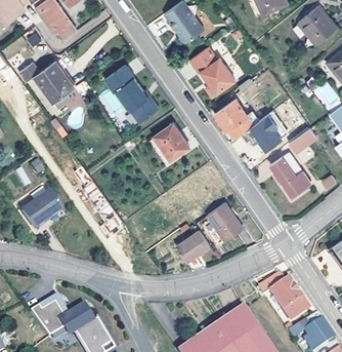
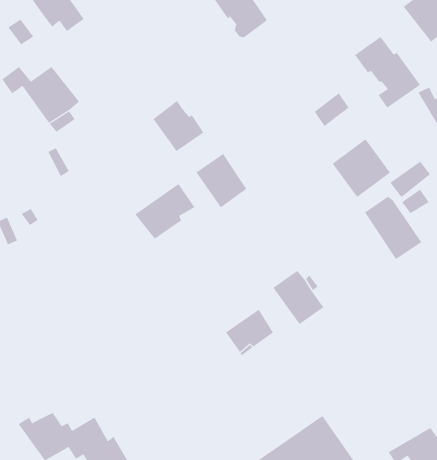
building: [189,47,236,97] -> [354,36,421,109]
building: [106,64,141,99] -> none
building: [215,100,259,139] -> none
building: none -> [135,183,195,240]
building: [24,192,60,229] -> none
building: [256,273,308,319] -> none

